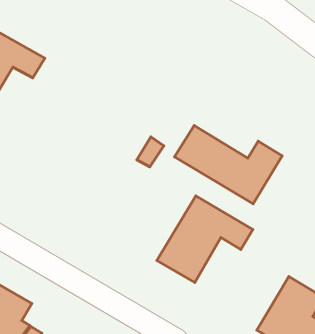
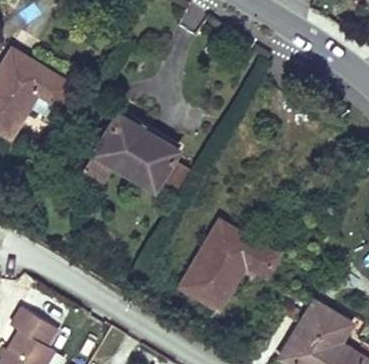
building: none -> [85,114,177,187]
building: [174,125,282,204] -> none

